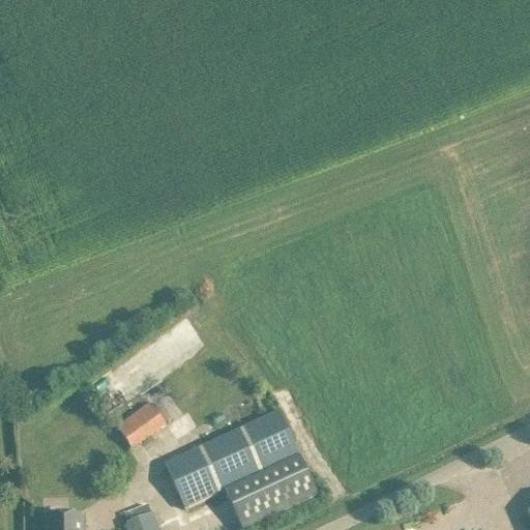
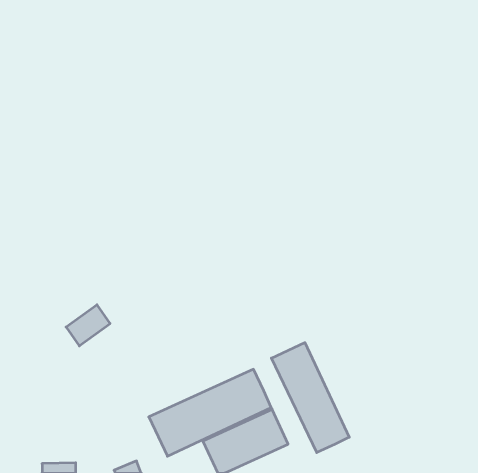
building: none -> [271,343,349,453]
building: [117,400,166,445] -> [66,305,110,346]

